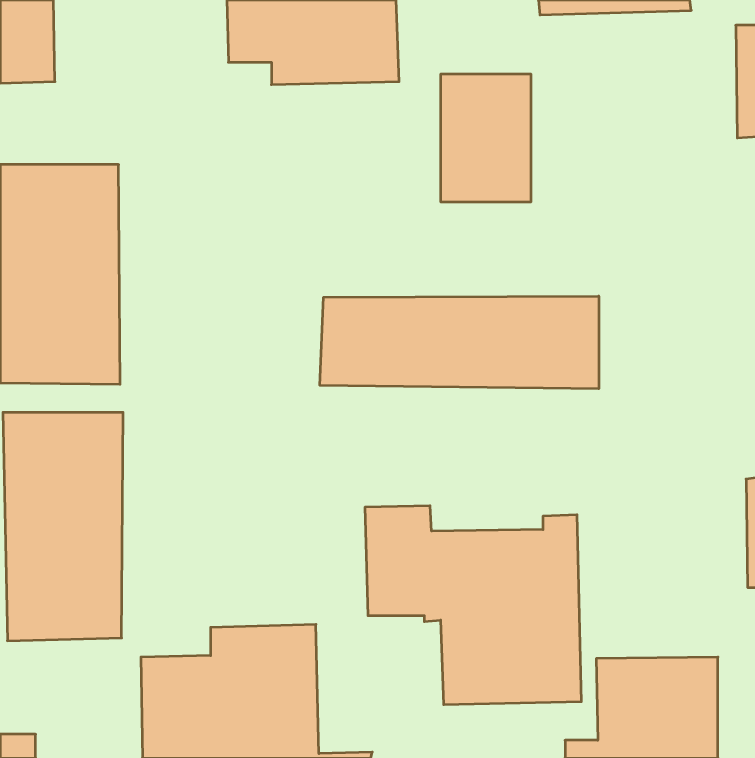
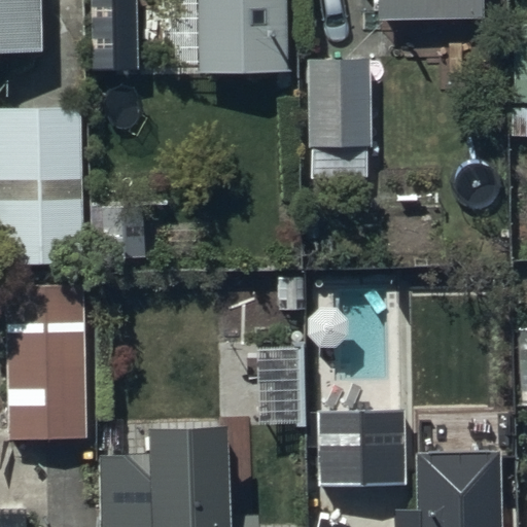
building: [320,296,599,389] -> none

